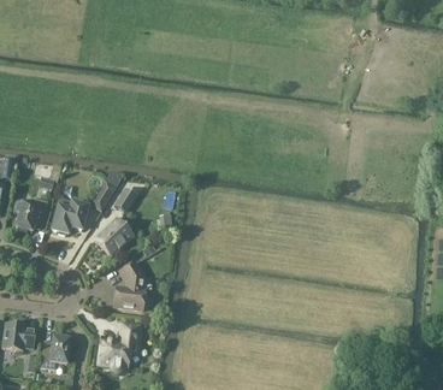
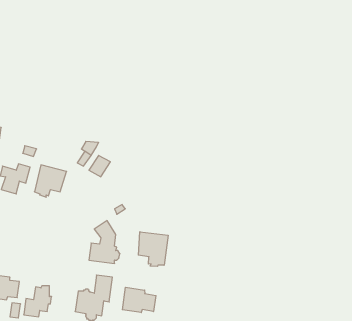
building: [95,218,134,256] -> none
building: none -> [138,232,168,266]
building: none -> [122,287,156,313]

